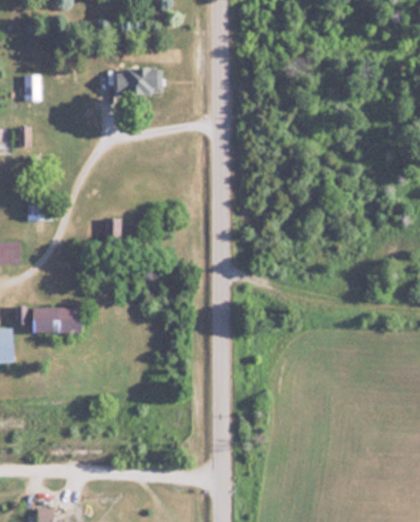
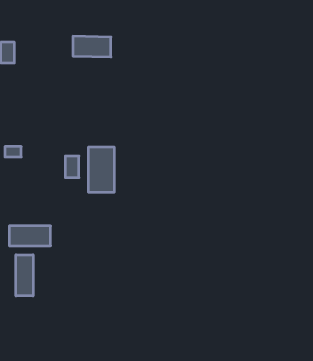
building: none -> [89,147,114,192]
building: none -> [16,255,33,296]

